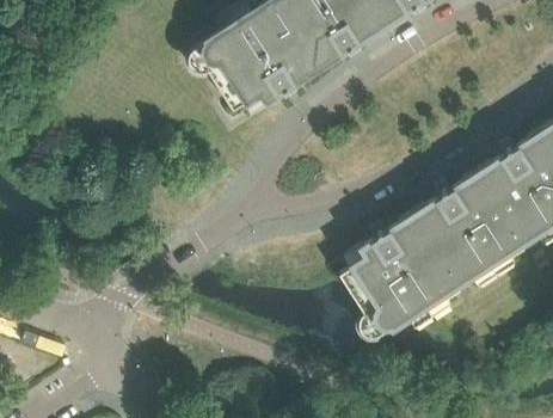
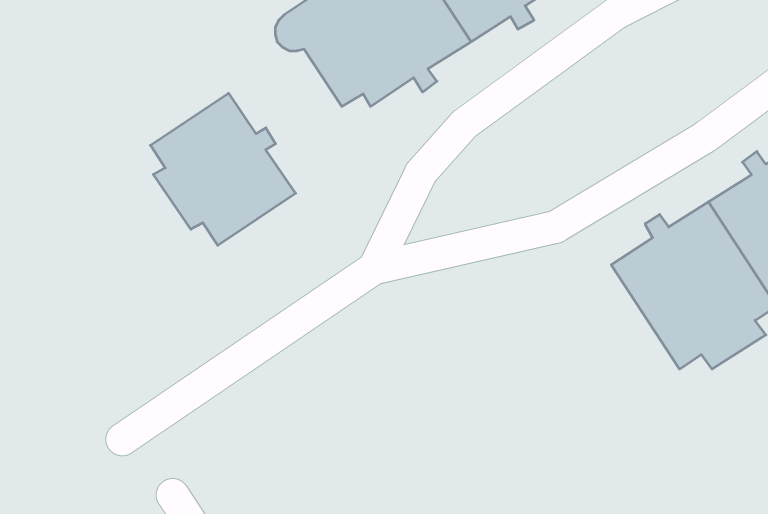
building: none -> [150,93,296,245]
building: [338,215,456,337] -> none

